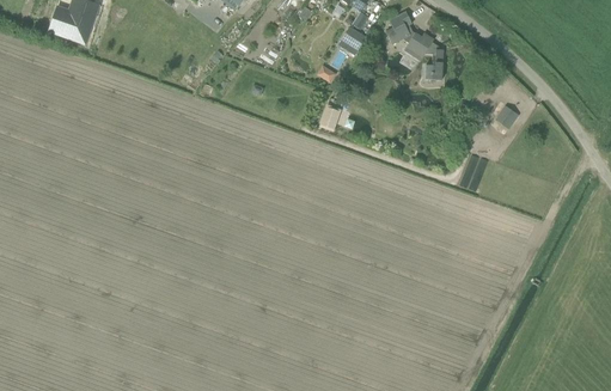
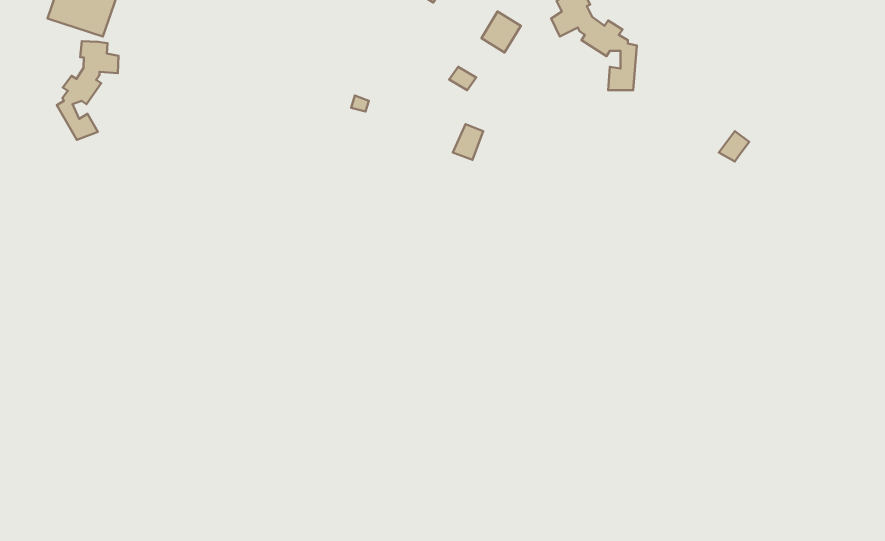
building: none -> [57,41,119,140]

